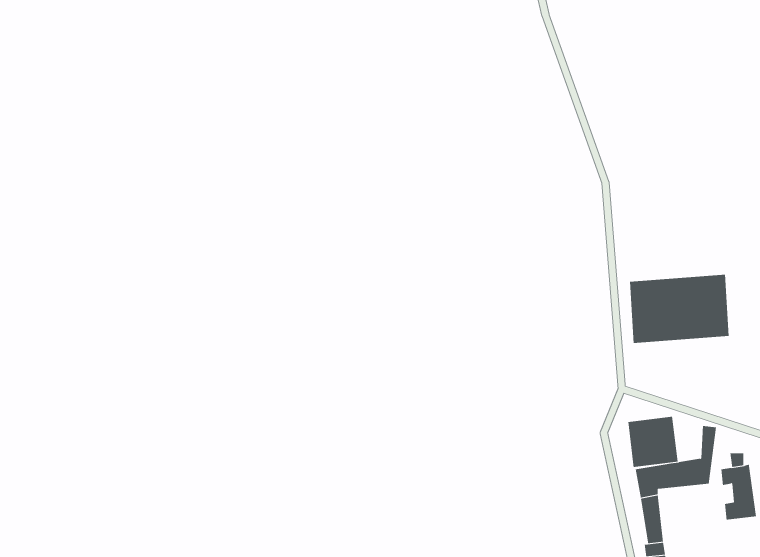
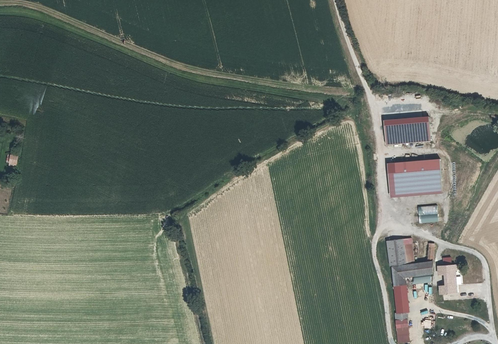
building: none -> [383,115,429,144]

